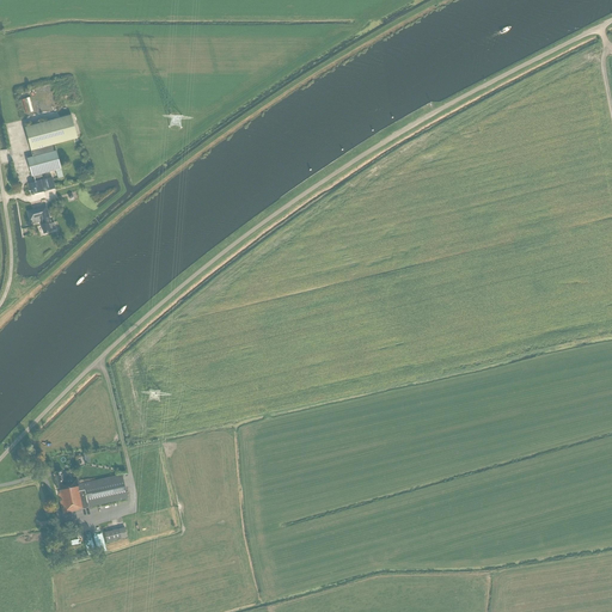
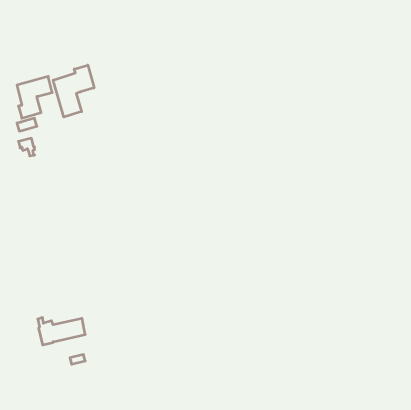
building: none -> [53,65,94,117]

